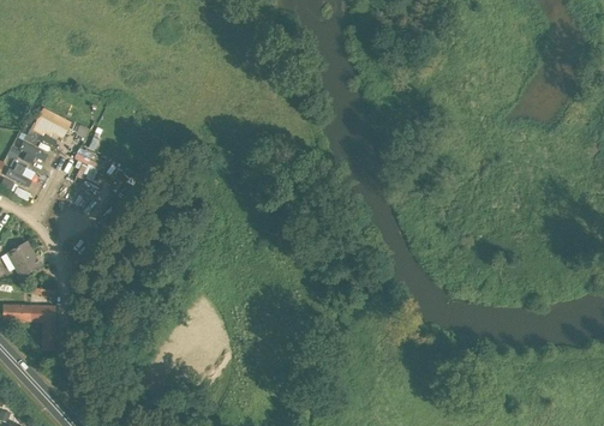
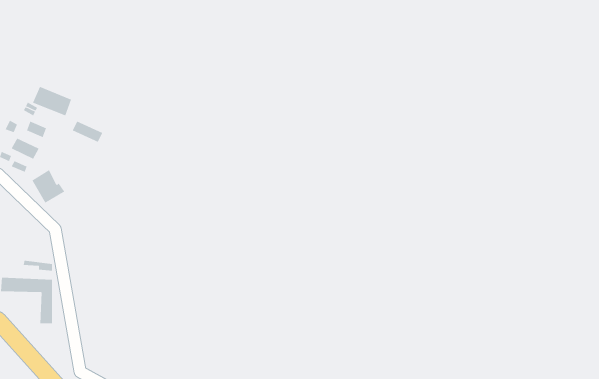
building: [6,242,40,277] -> [32,169,65,203]

